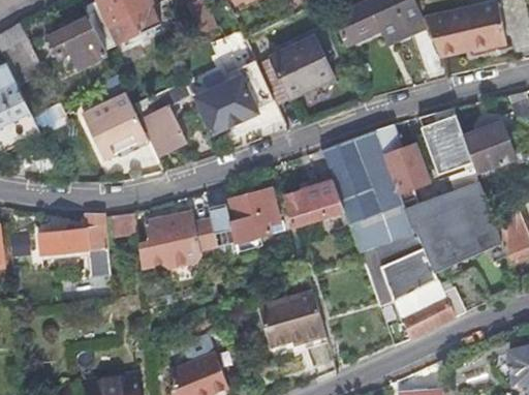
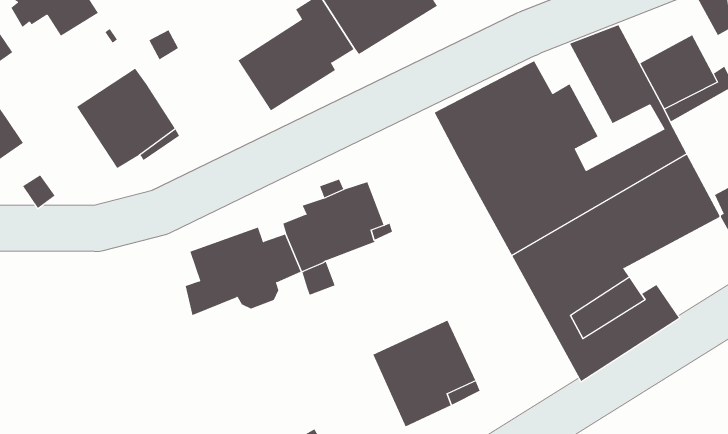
building: [135,104,186,155] -> none
building: [283,181,343,225] -> none
building: [38,215,111,276] -> none

